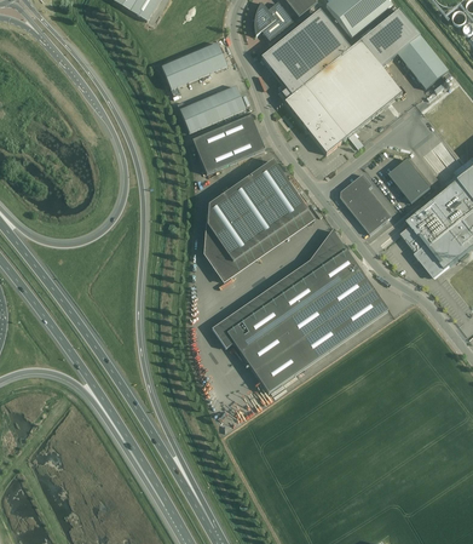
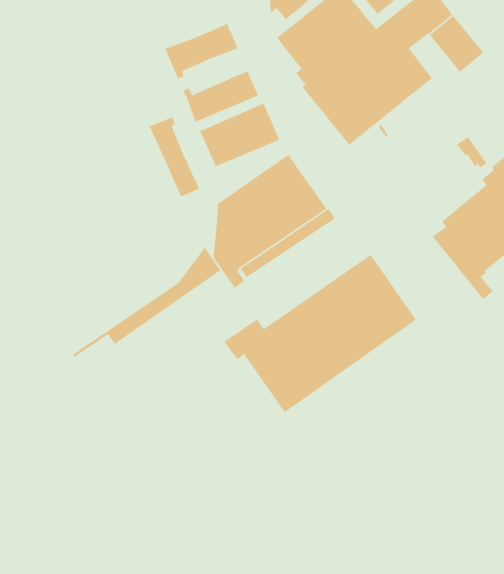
building: none -> [148,116,200,198]
building: [388,158,431,202] -> none
building: [341,173,392,234] -> none
building: [213,228,346,328] -> [73,246,221,358]

